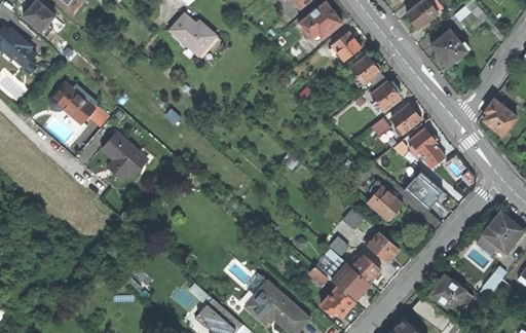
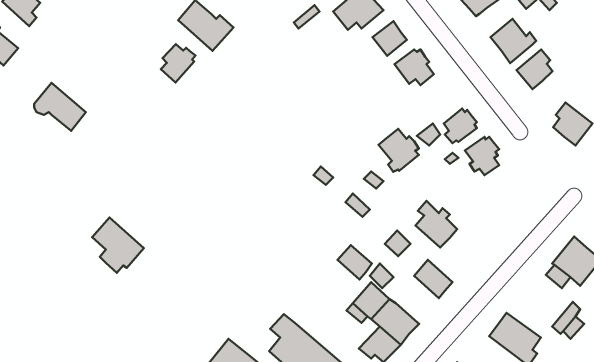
building: none -> [161,44,195,82]
building: none -> [516,50,553,89]
building: [367,76,401,112] -> [378,129,419,172]
building: [102,134,145,180] -> [92,217,144,273]
building: [404,171,444,210] -> none
building: [351,255,380,284] -> [337,245,372,280]

